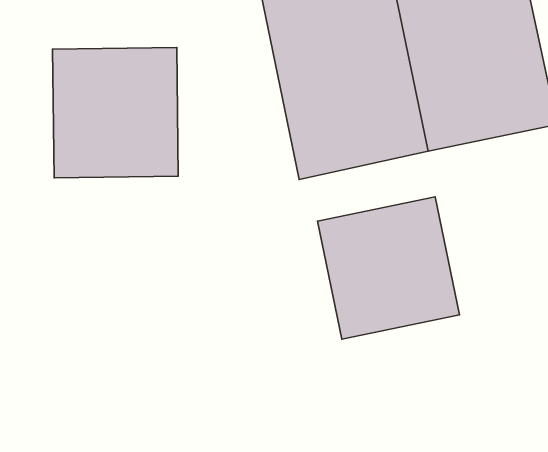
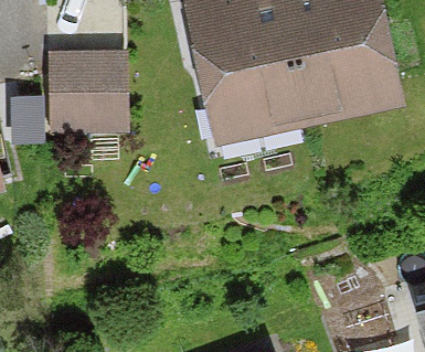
building: [317,197,460,339] -> none

